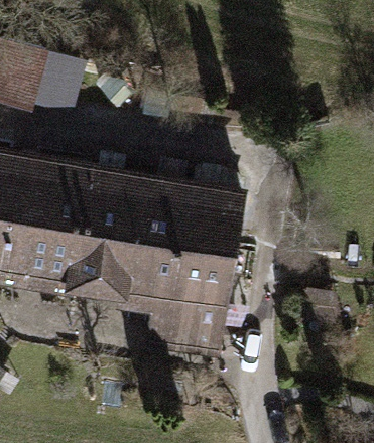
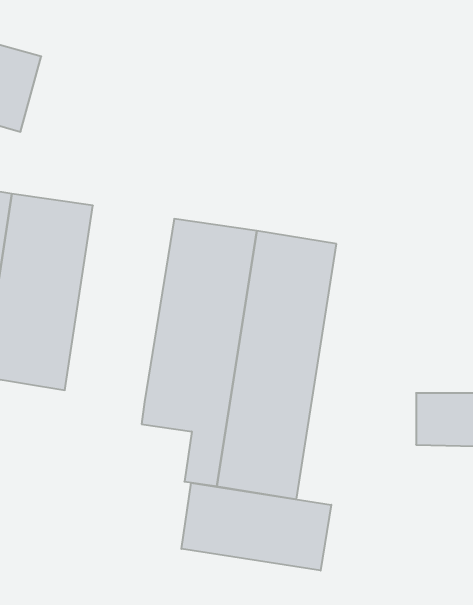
building: [59,163,134,297] -> none
building: none -> [181,483,331,571]

